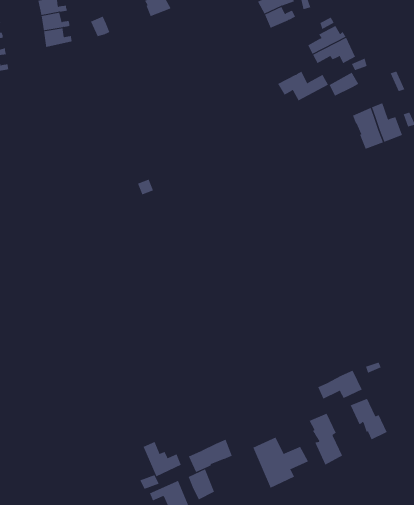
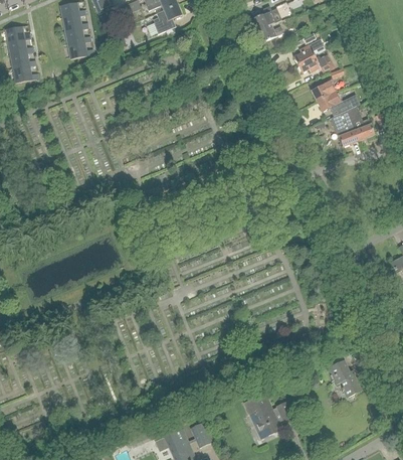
building: [277,71,329,101] -> [317,91,361,117]
building: [318,370,362,400] -> none
building: [309,413,343,465] -> none
building: [188,439,232,473] -> none
building: [143,441,182,477] -> none

